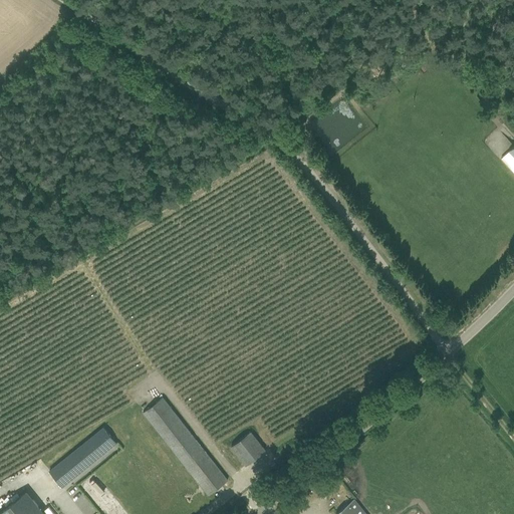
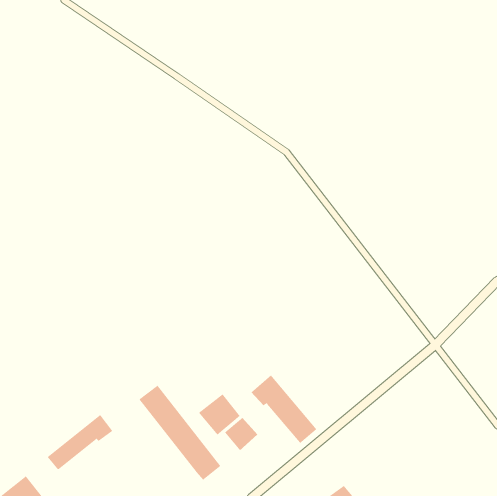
building: none -> [251,375,317,446]
building: none -> [198,394,240,435]

